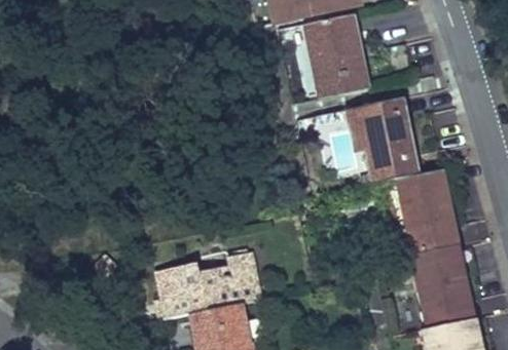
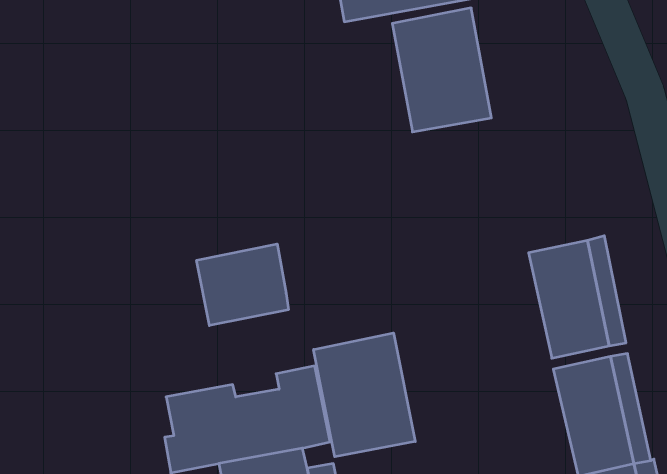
building: [346,95,421,180] -> none
building: none -> [197,244,288,326]
building: none -> [314,333,415,457]

